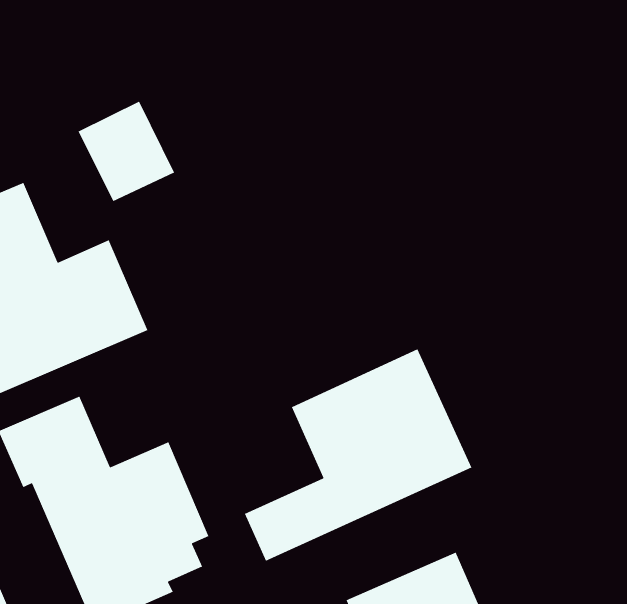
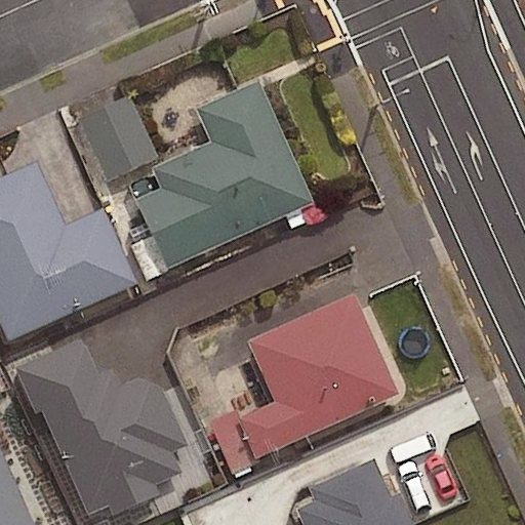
building: none -> [128,84,310,268]

